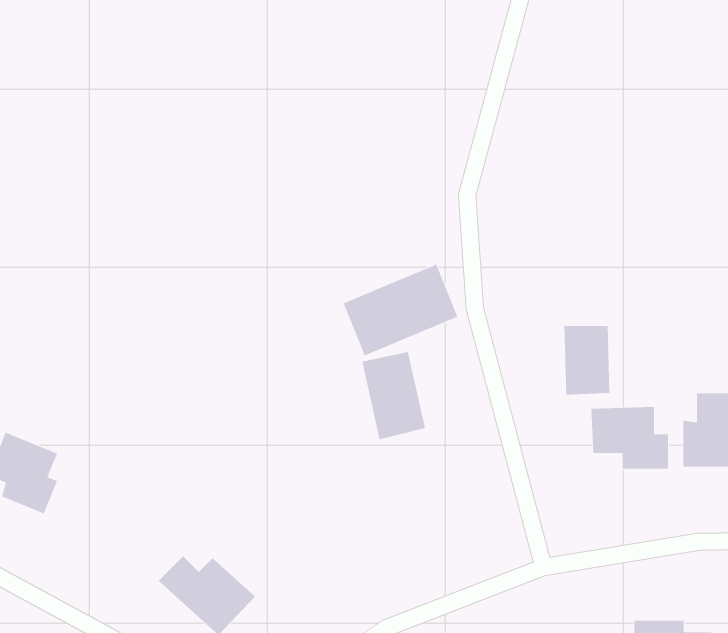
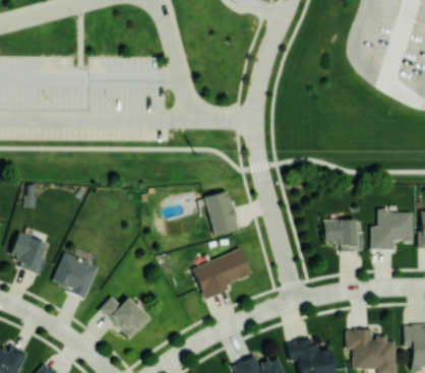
building: [343,264,458,356] -> [192,248,252,296]
building: [564,325,610,395] -> none
building: none -> [52,252,99,297]

